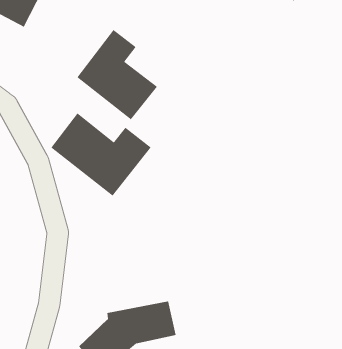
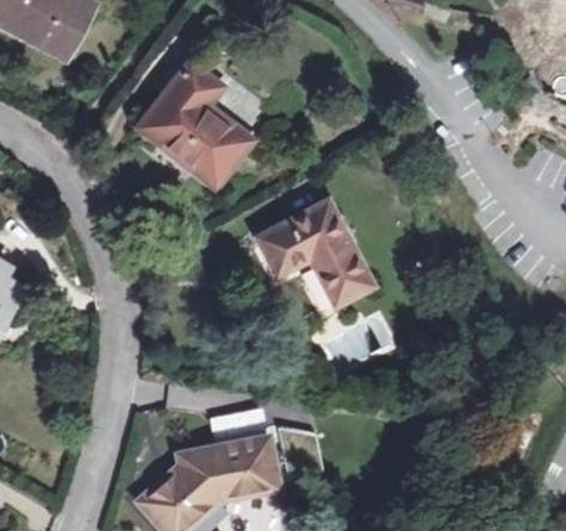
building: [51,113,152,196] -> none
building: none -> [260,201,373,304]

